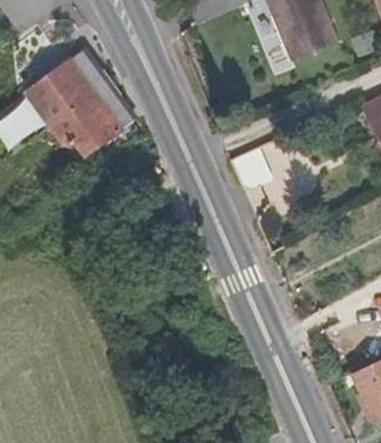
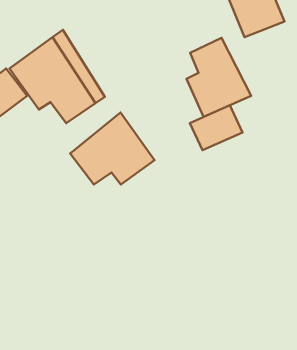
building: none -> [186,38,251,117]
building: none -> [70,112,154,185]

